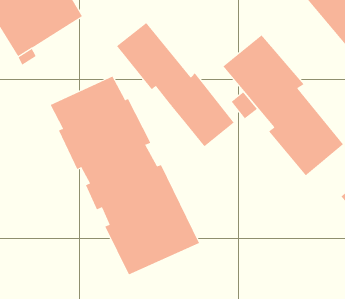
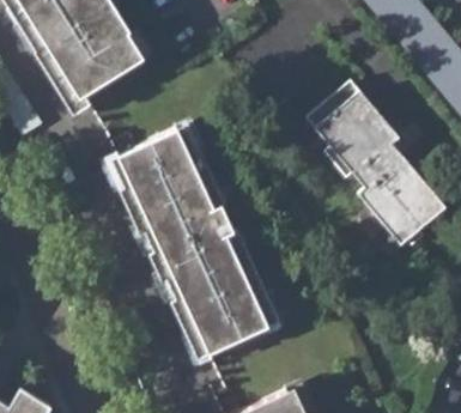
building: [116,22,235,147] -> none

